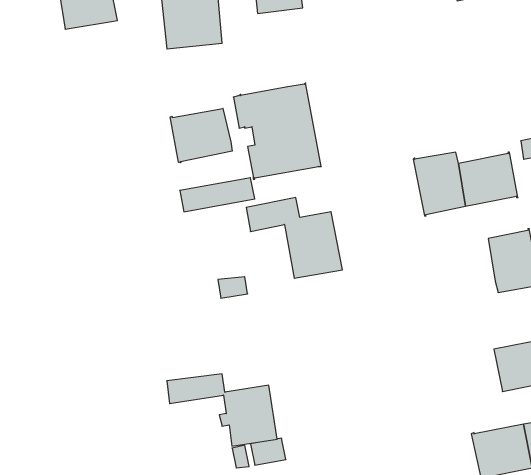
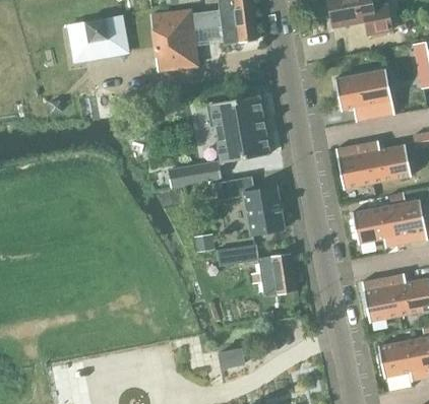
building: none -> [334,68,394,120]
building: [170,108,232,163] -> none
building: none -> [352,206,394,245]
building: none -> [361,277,400,323]
building: [167,374,277,446] -> [217,245,296,296]

